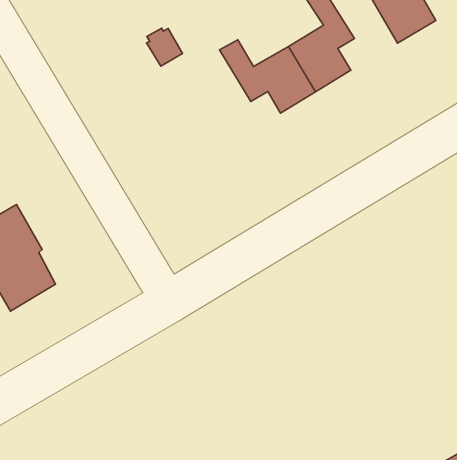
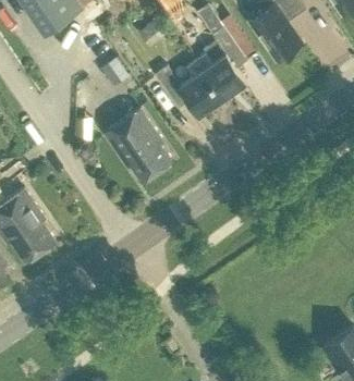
building: none -> [105,108,172,181]

